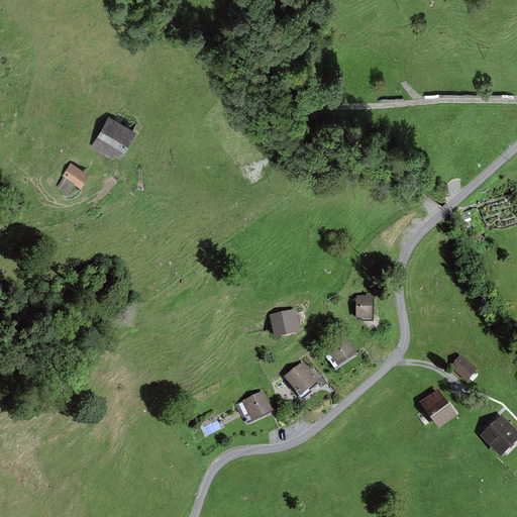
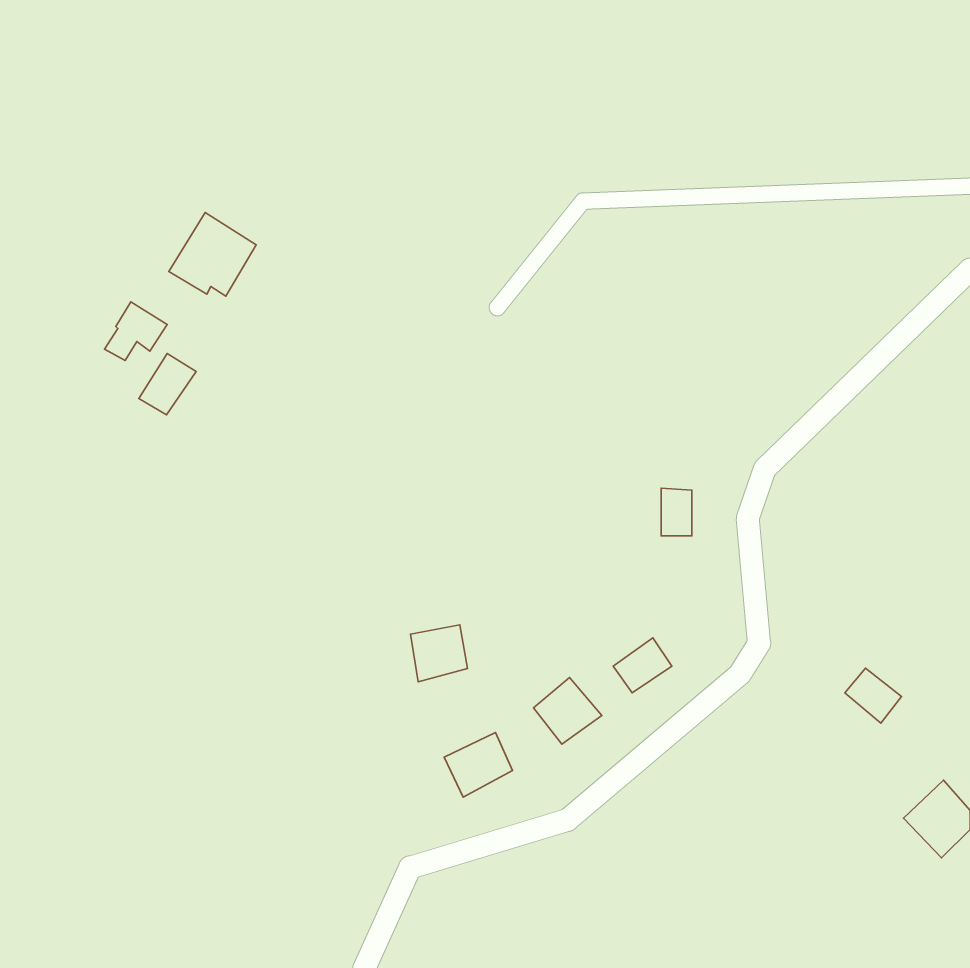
building: none -> [139,354,196,415]
building: [355,294,372,319] -> [661,488,692,536]
building: [270,309,300,339] -> [411,625,467,682]
building: [419,389,456,428] -> none

